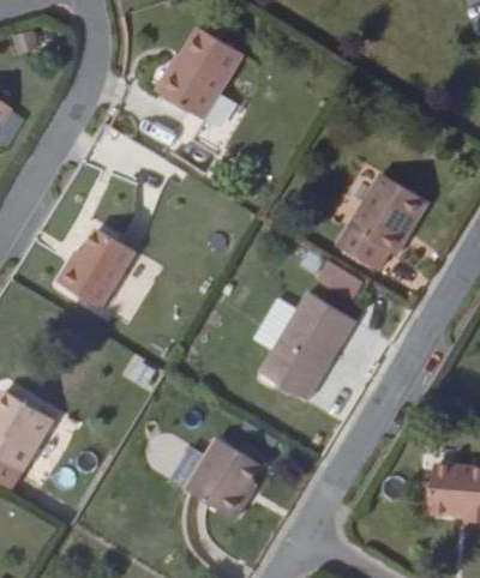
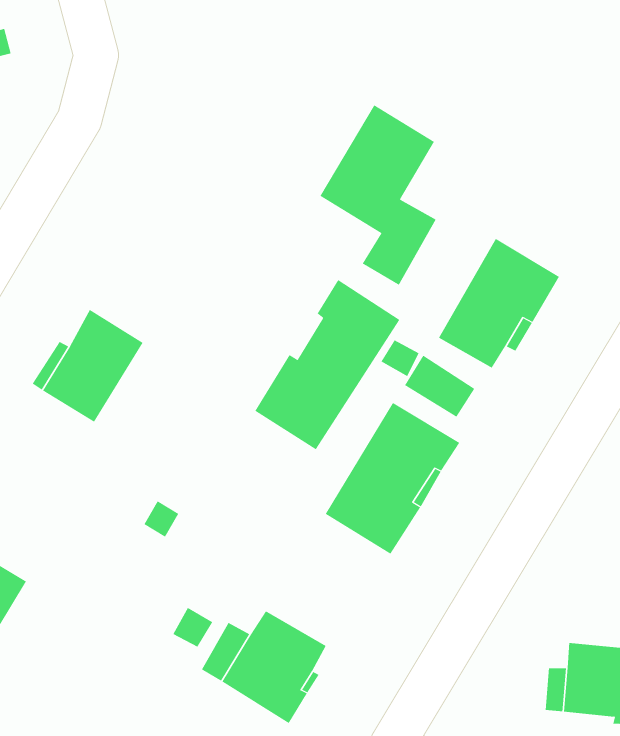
building: [158,29,241,157] -> [320,105,436,286]
building: none -> [254,279,400,450]

